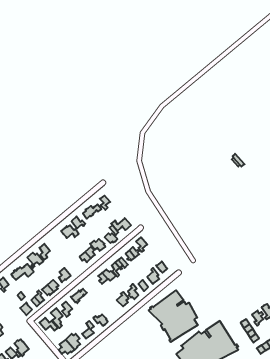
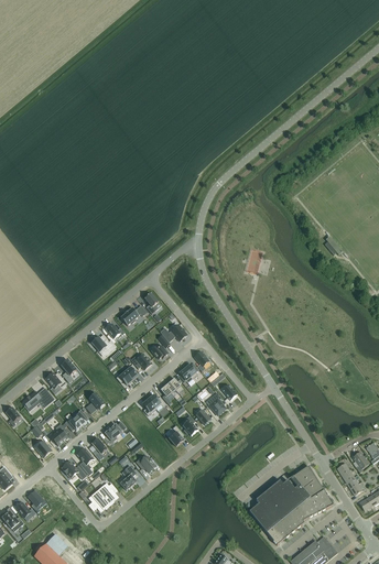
building: [149,290,198,342] -> none

